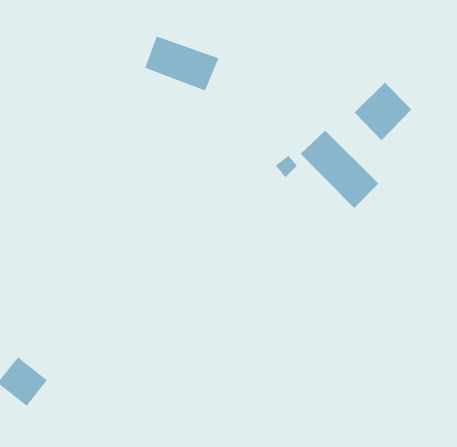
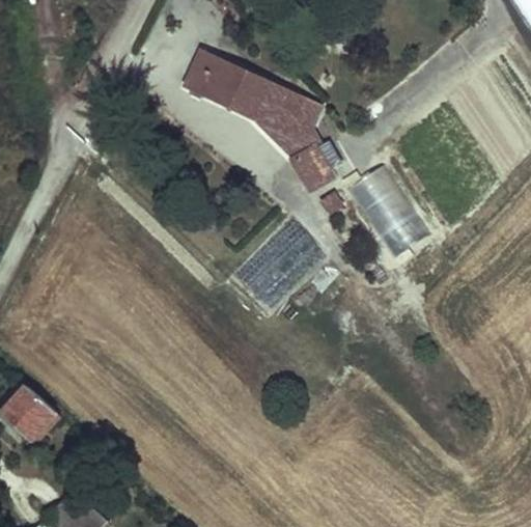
building: none -> [251,81,340,191]
building: [354,82,412,141] -> none

